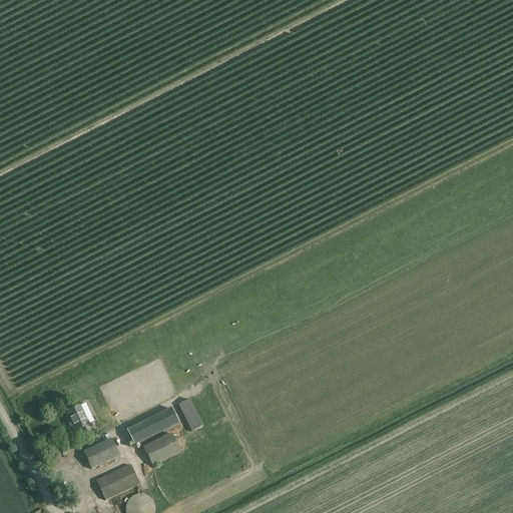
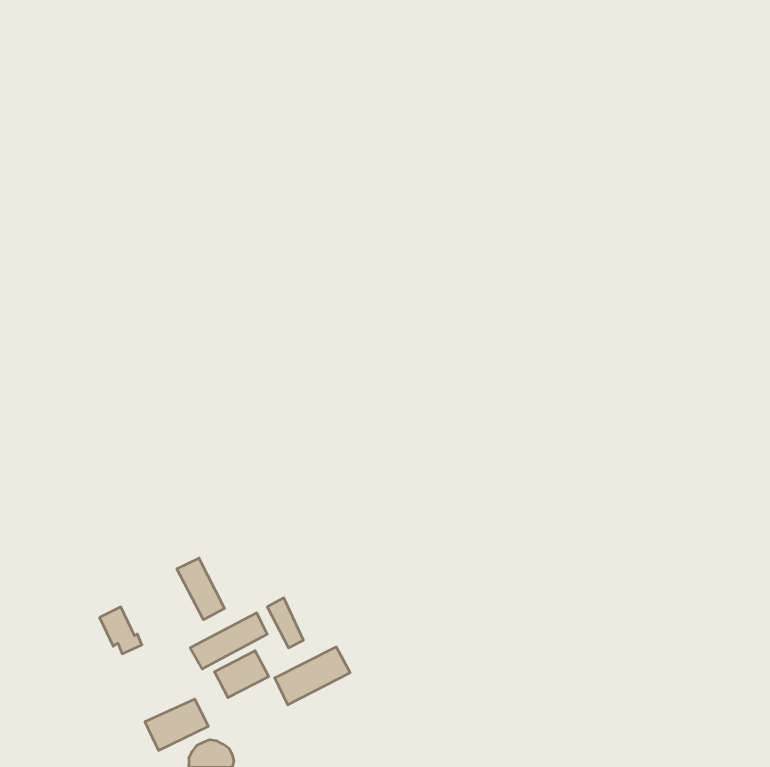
building: none -> [177,558,224,620]
building: none -> [275,647,350,705]
building: [84,438,119,467] -> none

